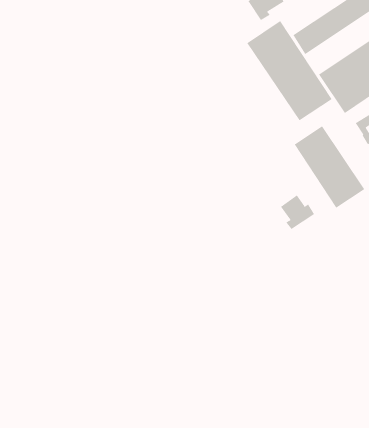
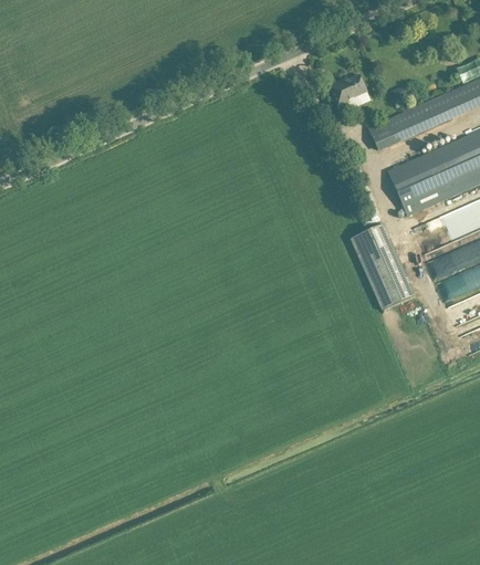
building: [246,20,332,121] -> none
building: [280,195,315,230] -> none

